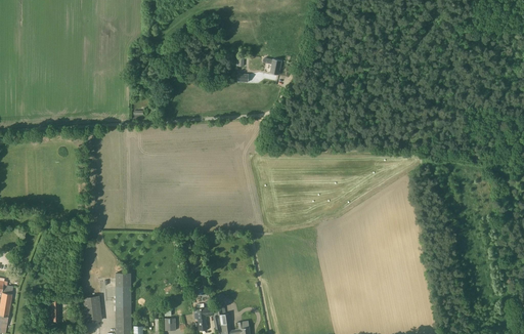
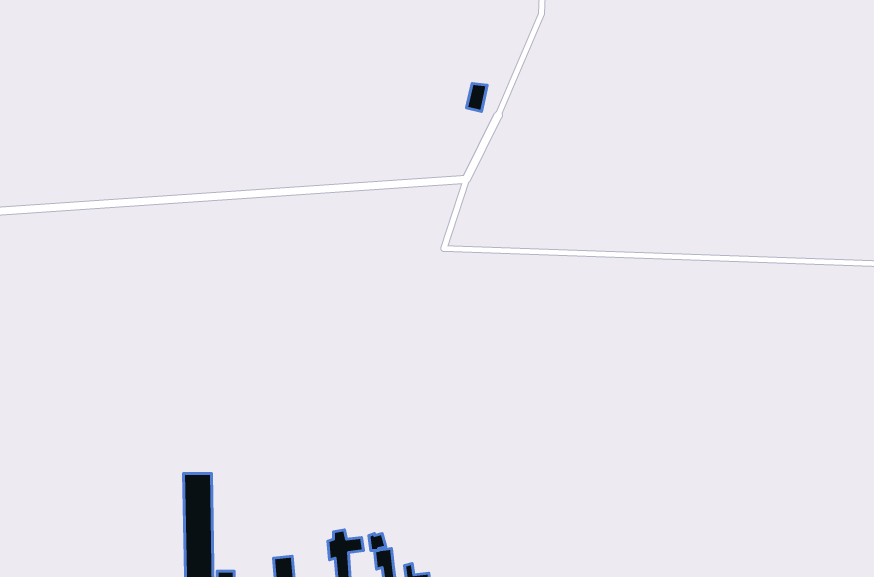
building: [82,295,100,322] -> none

